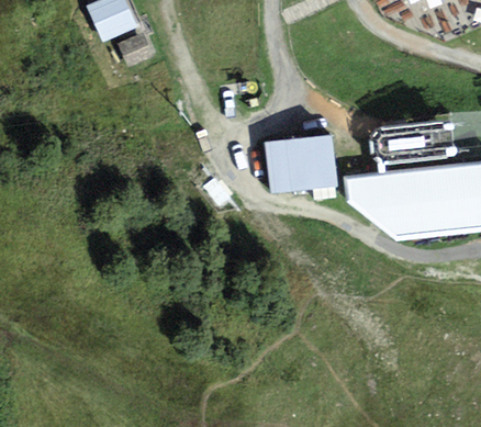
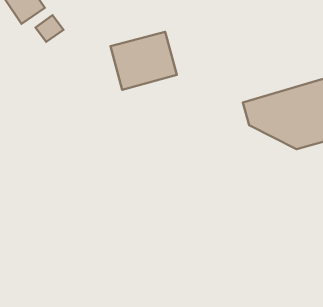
building: [266,133,337,192] -> [111,32,177,90]

